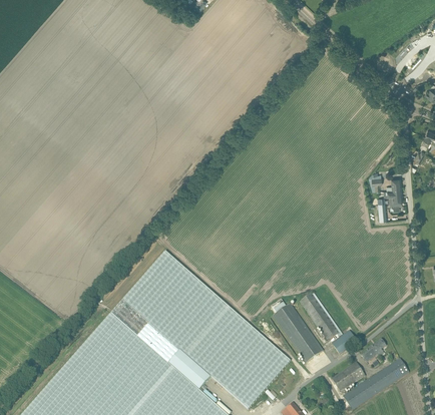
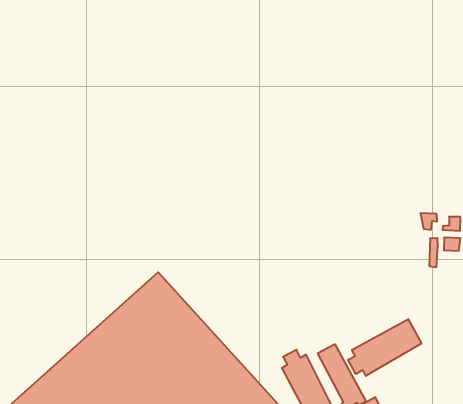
building: none -> [348,319,421,376]

